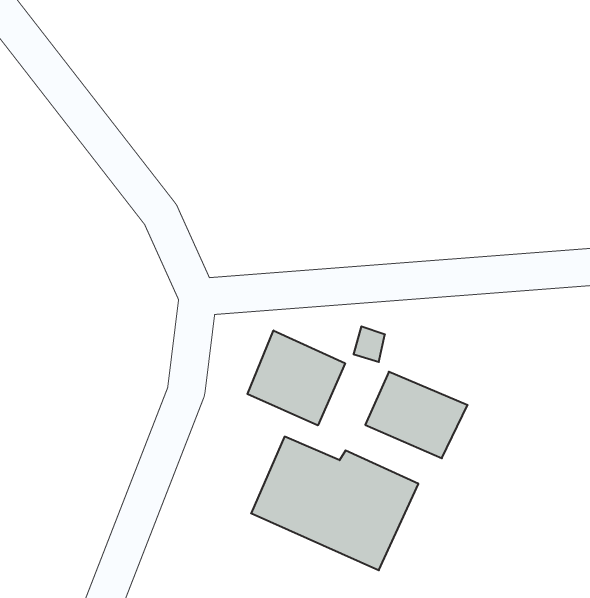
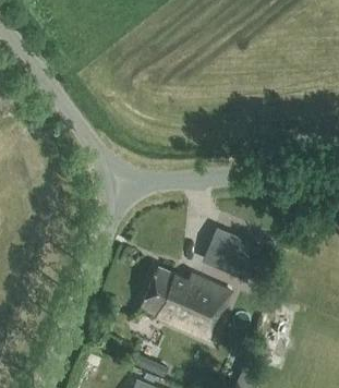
building: [247,330,345,425] -> none

